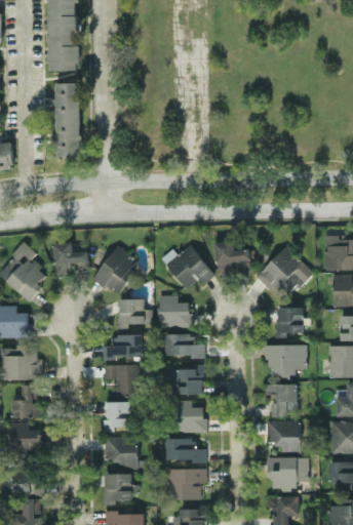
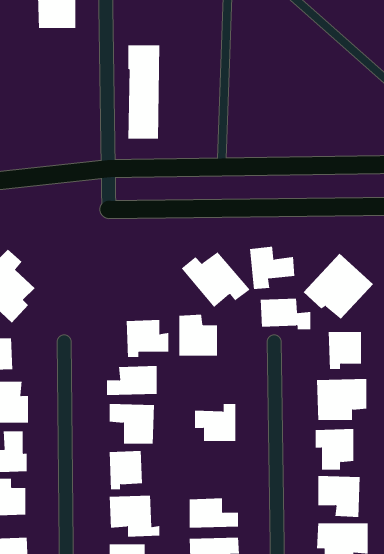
building: [55,83,81,157] -> [127,45,160,139]
building: [54,243,89,276] -> none
building: [94,245,140,294] -> none
building: [164,333,204,358] -> [260,298,311,330]
building: [170,400,206,433] -> none

